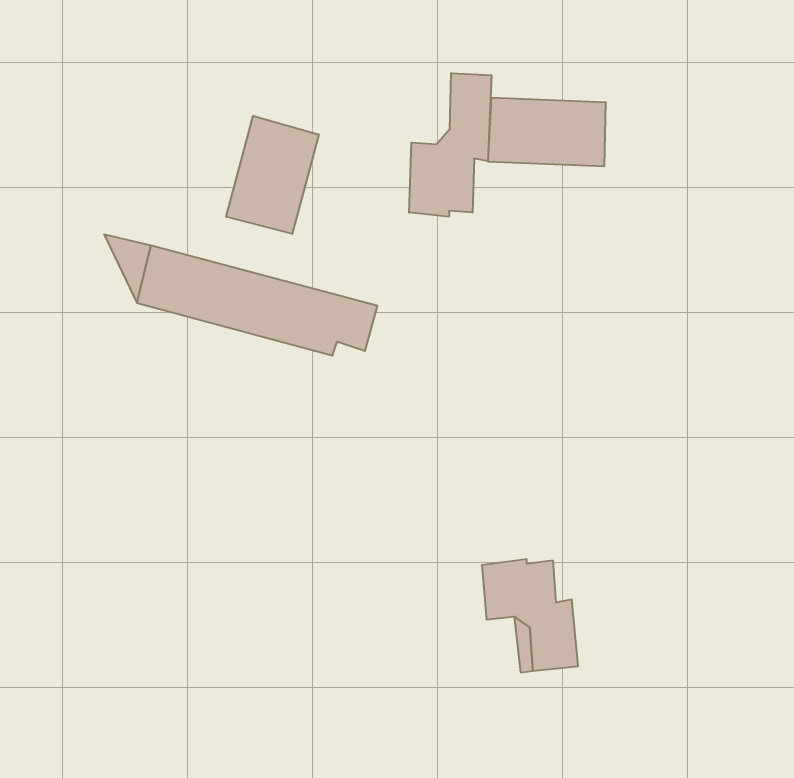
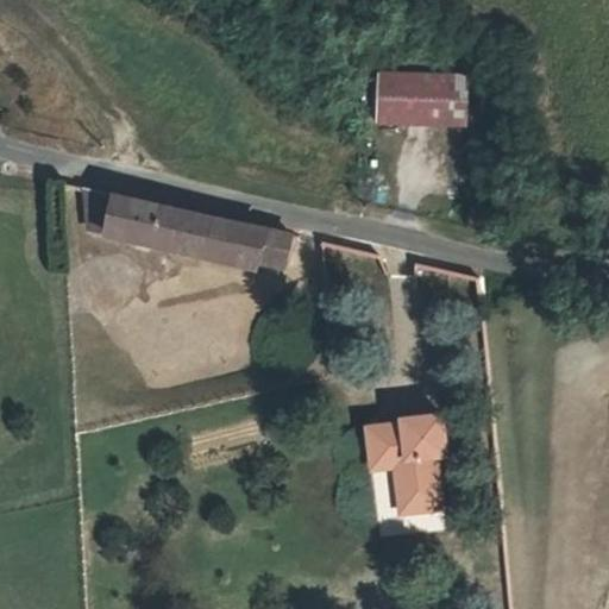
building: [409,73,491,217] -> none
building: [226,116,319,234] -> none

